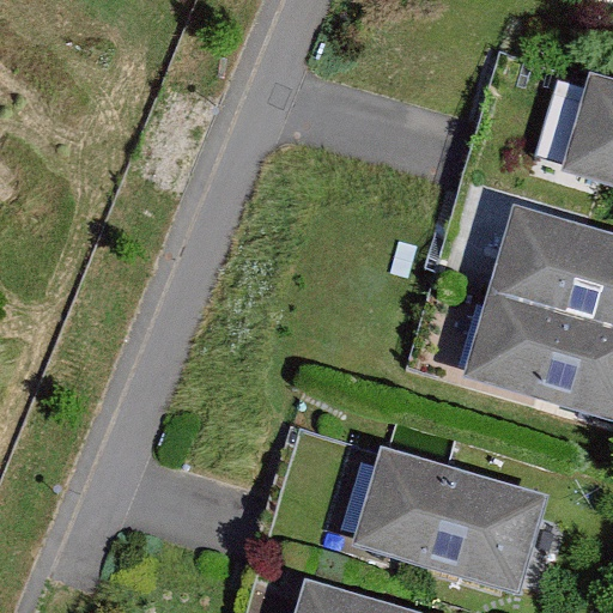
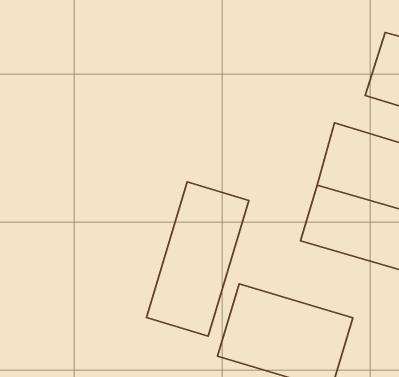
building: none -> [146,182,249,336]

